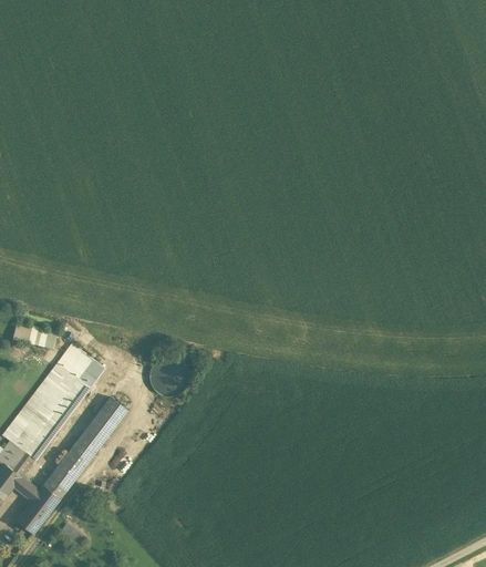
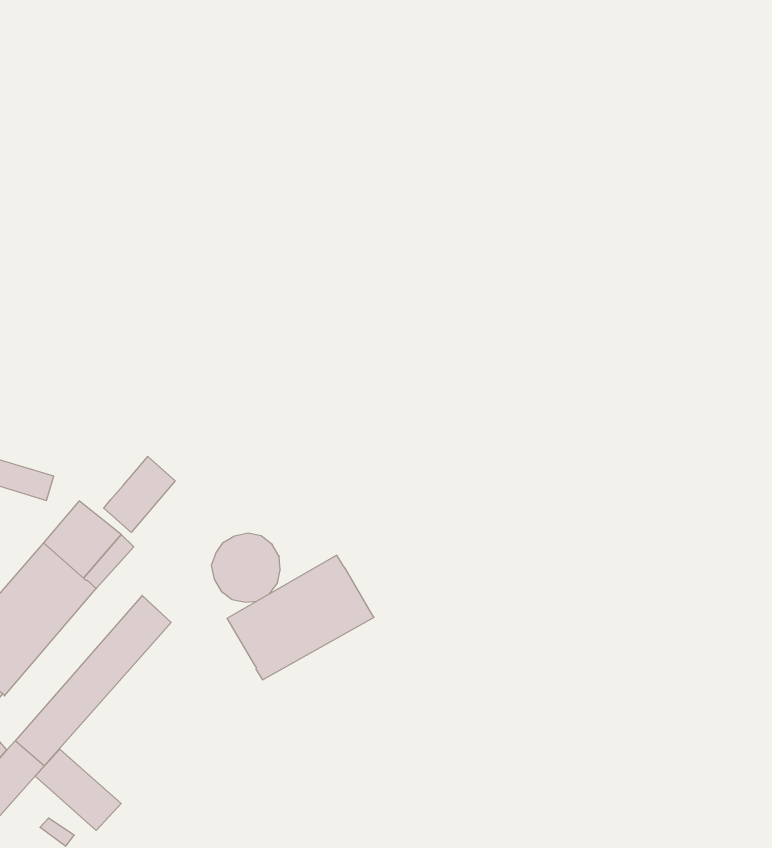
building: none -> [104,457,175,532]
building: none -> [227,555,374,680]
building: none -> [35,749,121,830]

